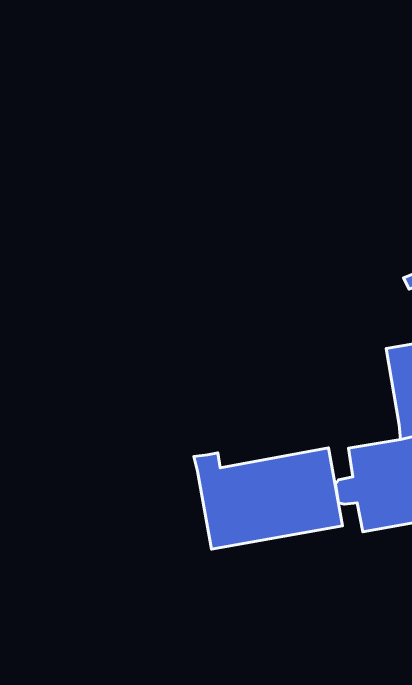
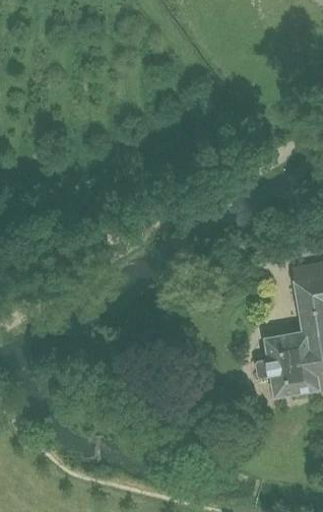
building: [194,448,343,549] -> none

